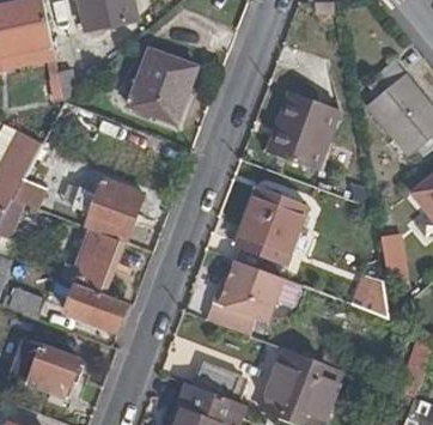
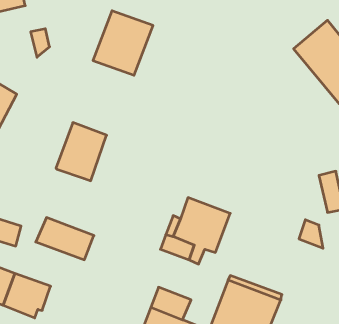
building: [264,92,340,172] -> none
building: [237,190,306,265] -> none
building: [73,229,118,292] -> none

